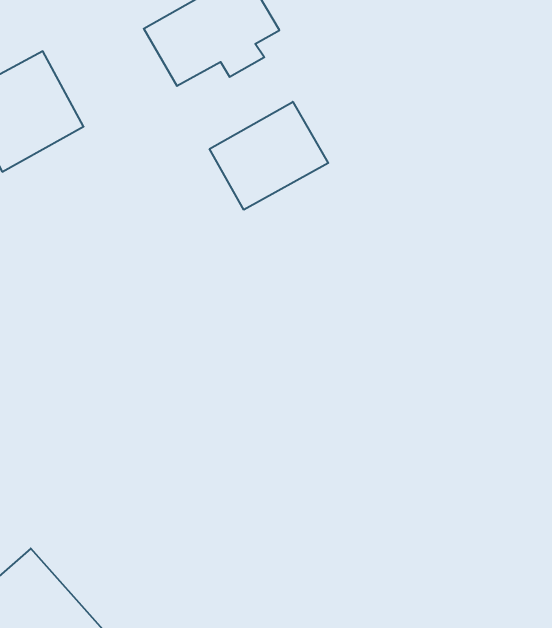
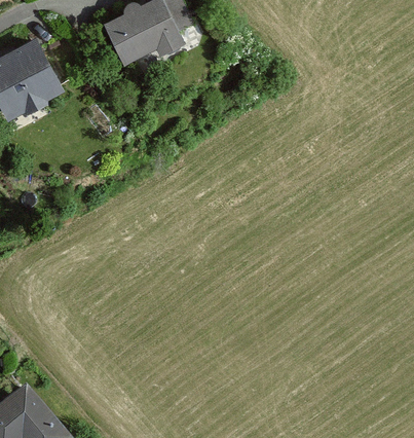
building: [210,102,328,210] -> none

